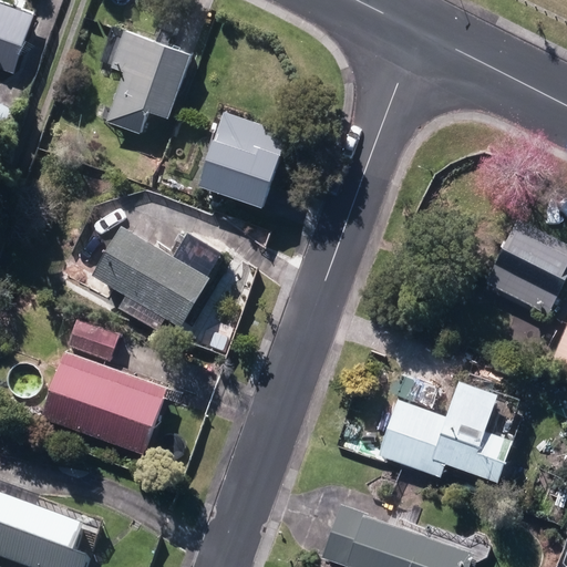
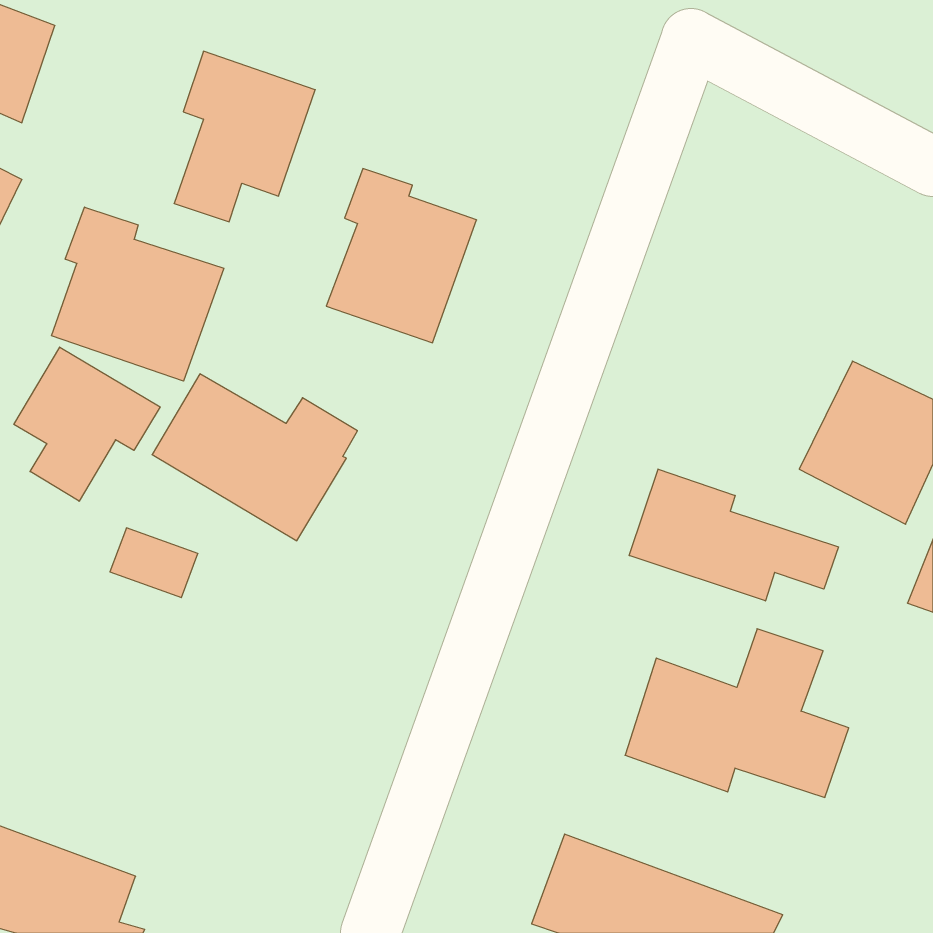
building: none -> [52,207,224,381]
building: none -> [14,347,160,501]
building: none -> [629,469,838,601]
building: [40,351,181,454] -> none

